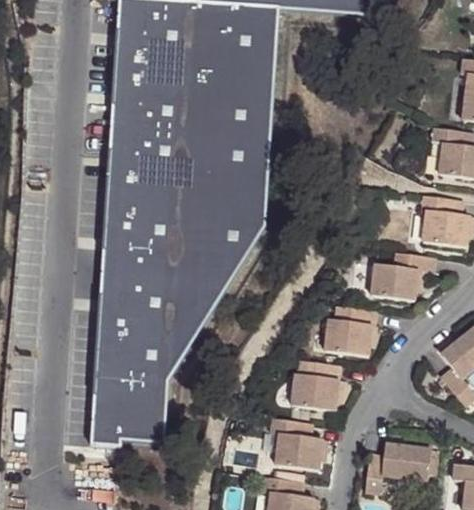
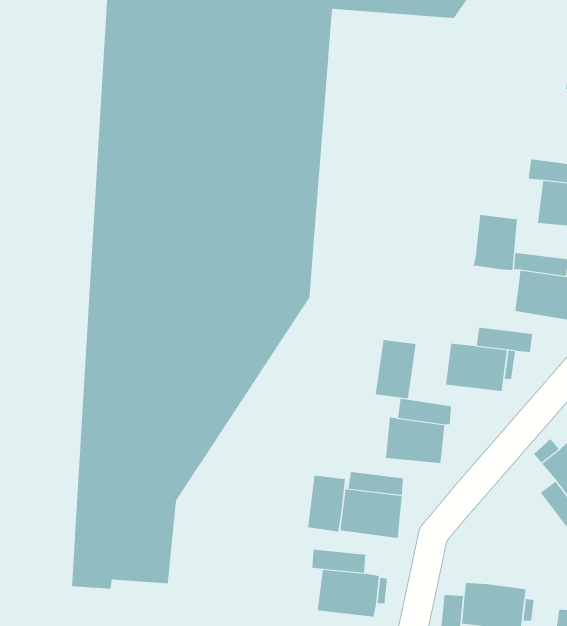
building: none -> [473,214,517,271]
building: none -> [375,339,416,399]
building: none -> [307,475,346,532]

